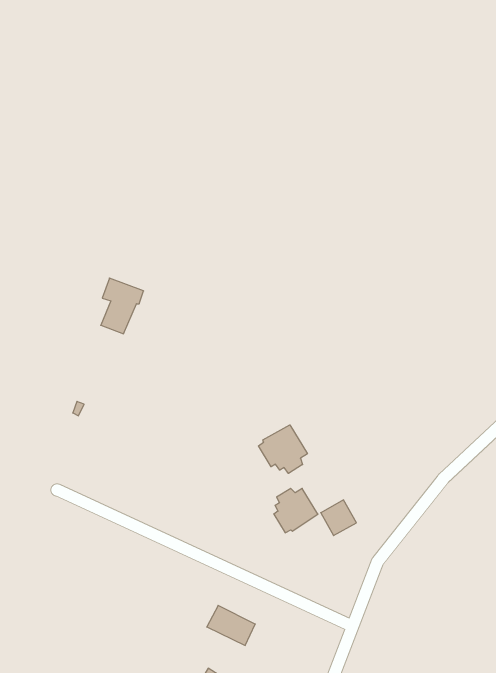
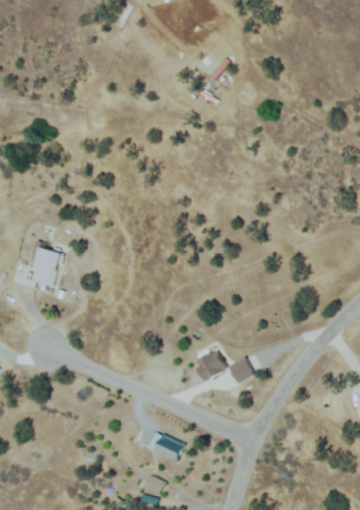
building: [101,278,144,334] -> [33,246,63,286]
building: [258,425,307,473] -> none

